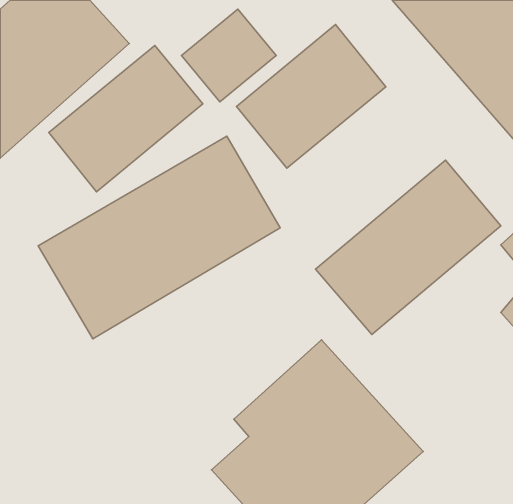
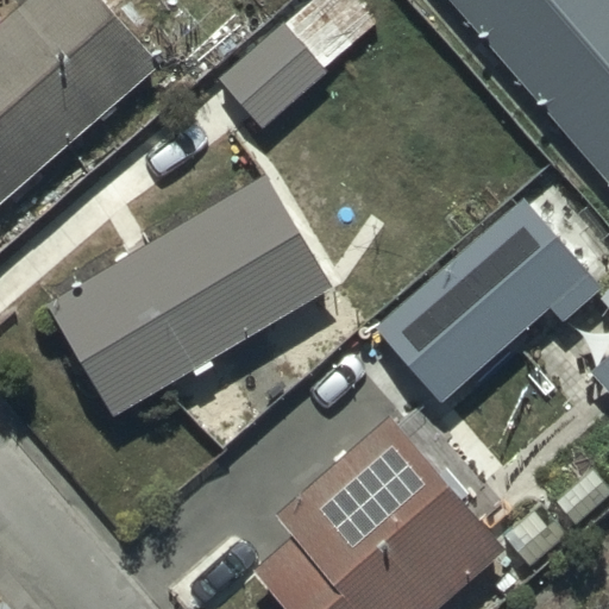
building: [237,25,386,168] -> none
building: [49,46,203,192] -> none

